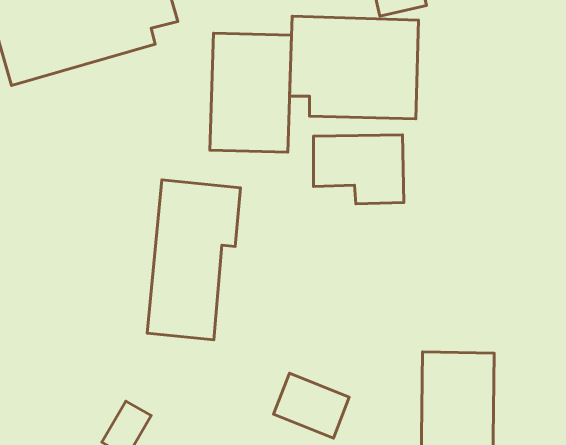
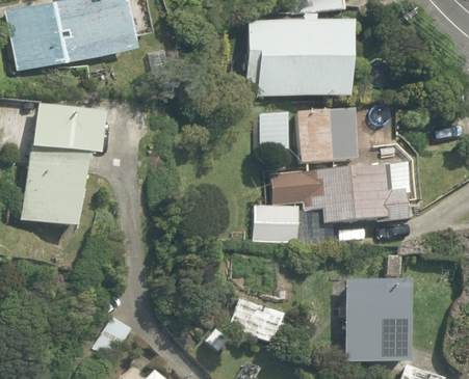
building: [210,33,291,152] -> none
building: [147,180,240,340] -> [23,103,96,227]
building: none -> [264,165,406,248]

